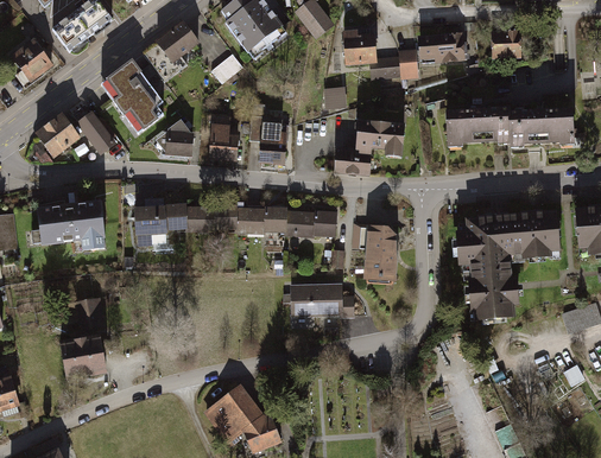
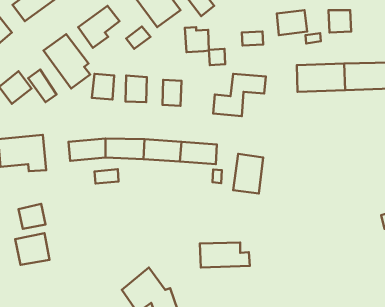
building: [343,25,377,59] -> [185,27,209,52]
building: [400,46,419,77] -> none
building: [450,210,553,327] -> none
building: none -> [95,169,118,184]
building: [286,282,355,317] -> [200,243,250,268]

